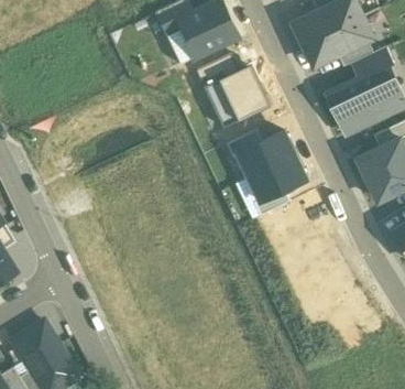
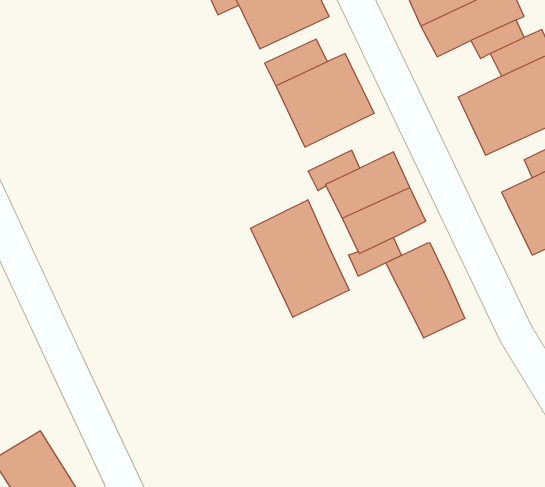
building: none -> [250,200,349,317]
building: none -> [386,243,465,338]

